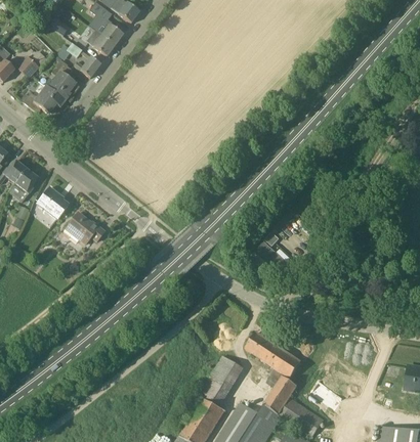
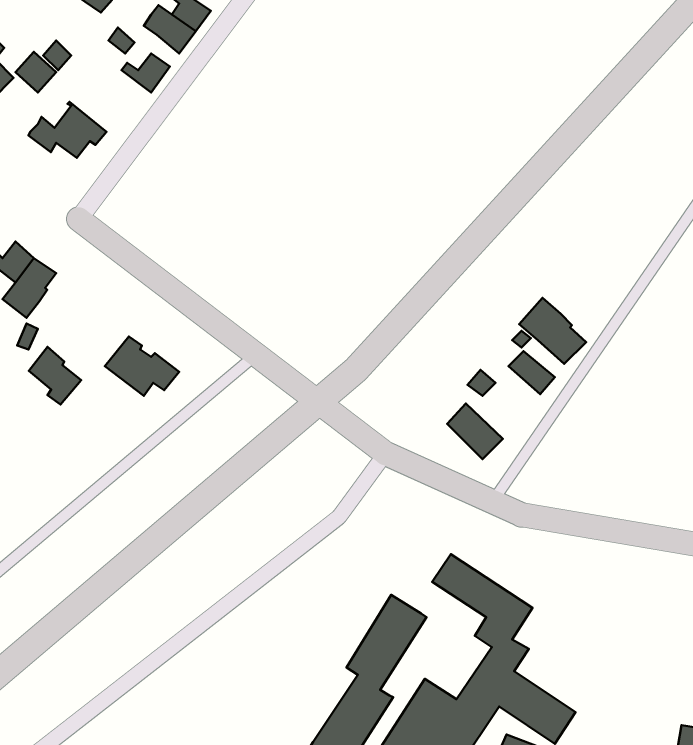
building: [45,60,76,100] -> none
building: [39,187,68,219] -> [29,347,81,404]
building: none -> [519,298,586,364]

